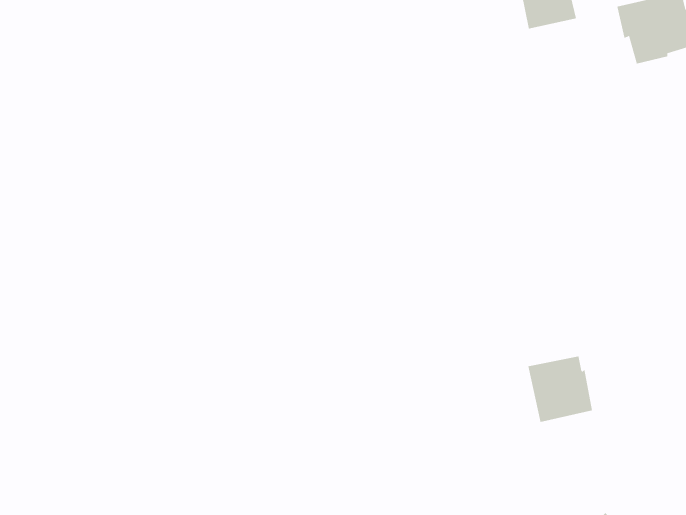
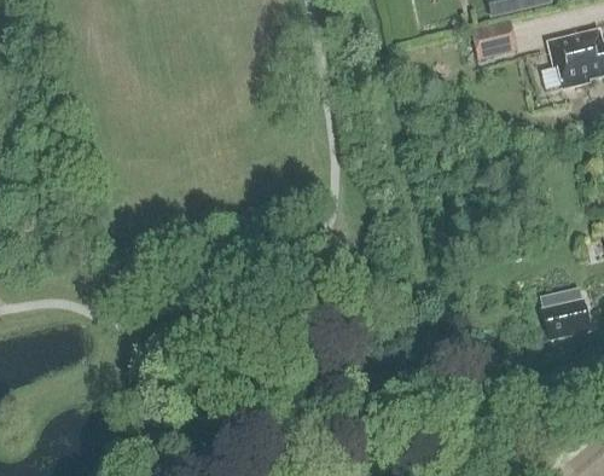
building: [528,356,593,423] -> [539,286,591,339]

